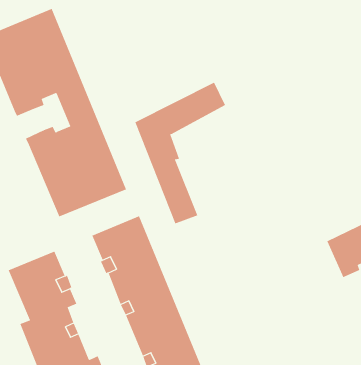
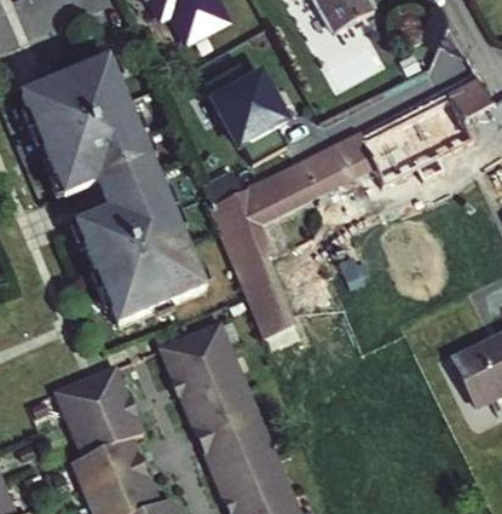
building: none -> [207,62,298,150]
building: none -> [315,76,490,183]
building: none -> [88,168,132,216]

